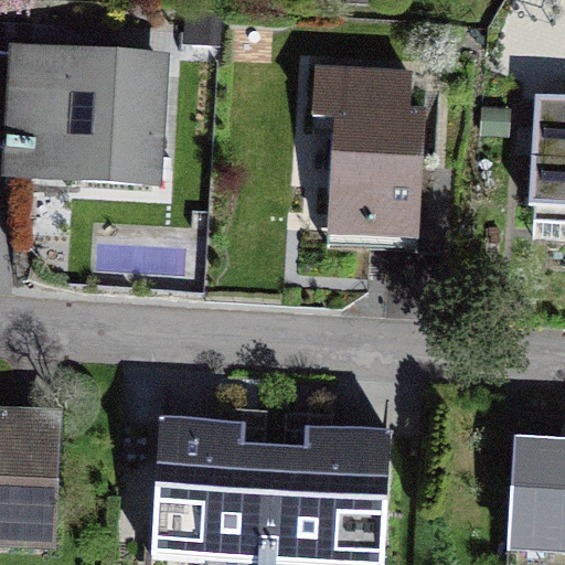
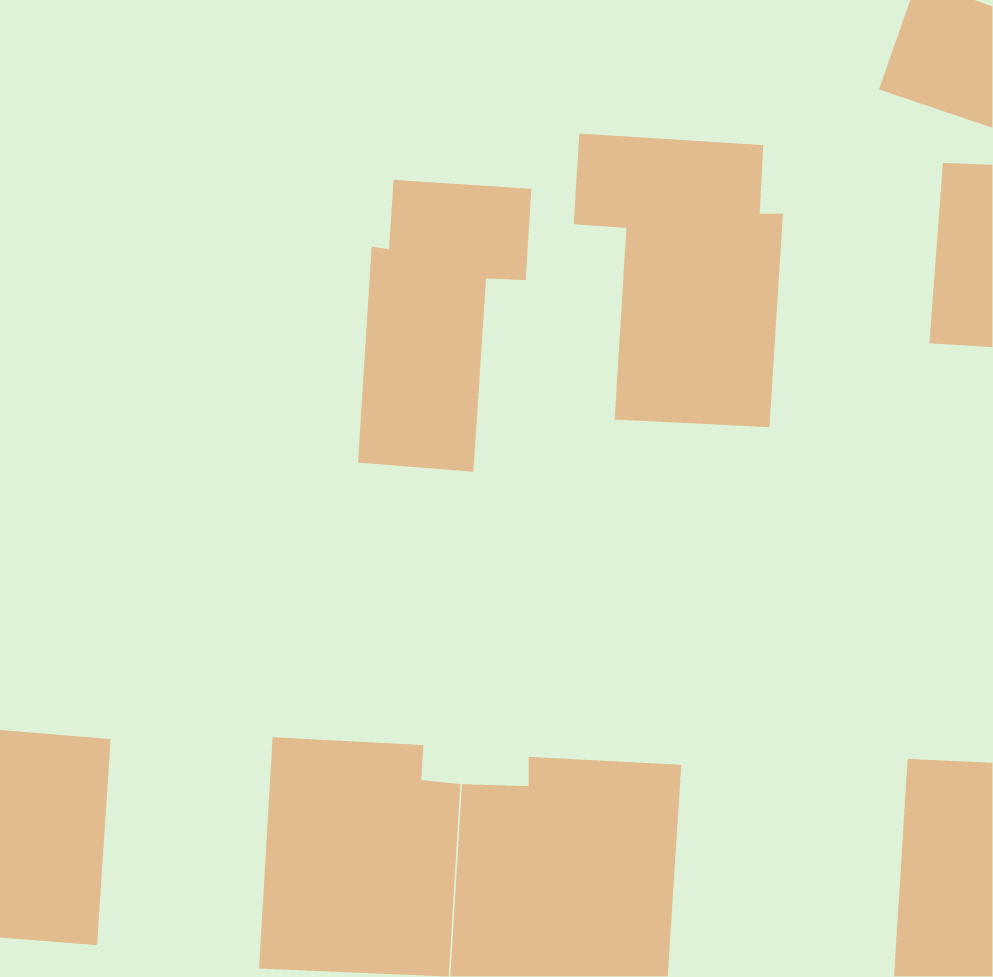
building: [26,57,173,182] -> none
building: none -> [357,179,532,473]

